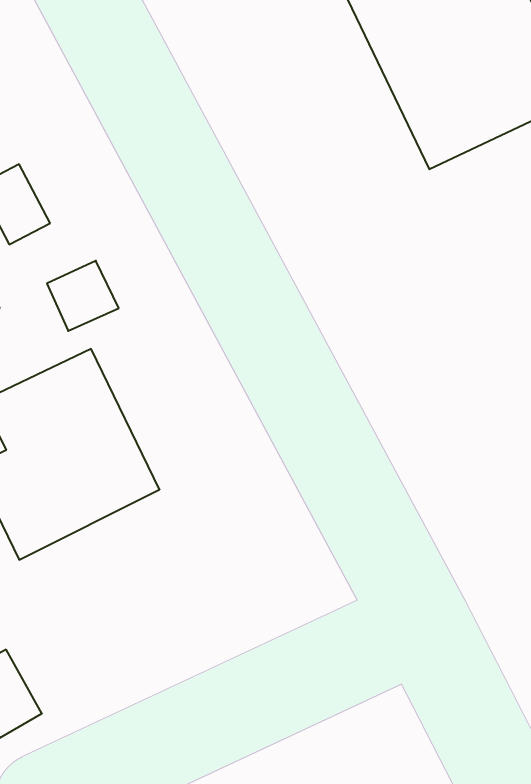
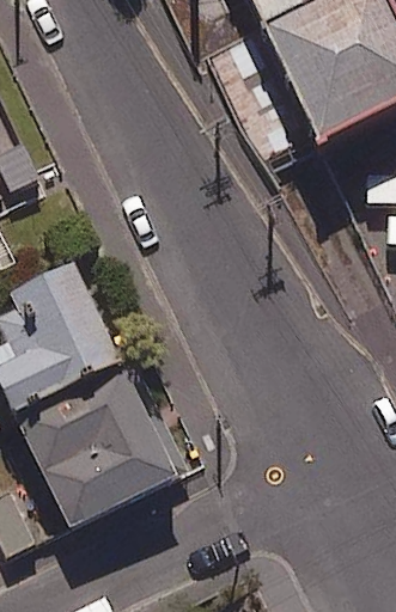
building: none -> [20,372,176,531]

